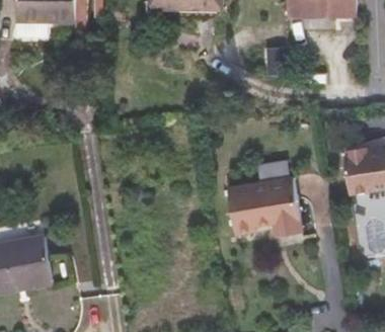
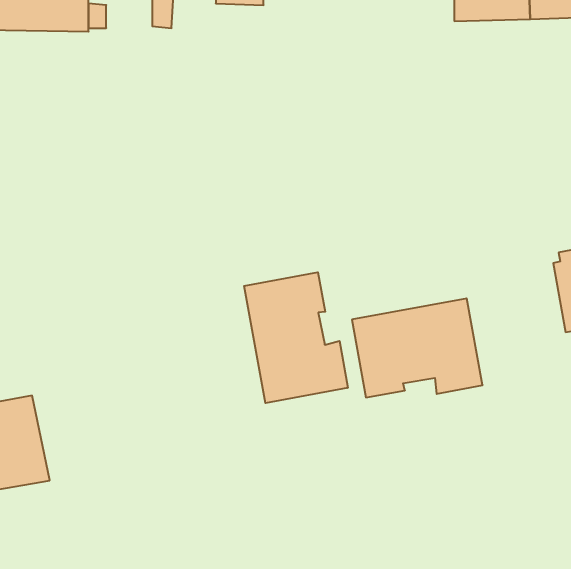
building: none -> [244,272,348,403]

